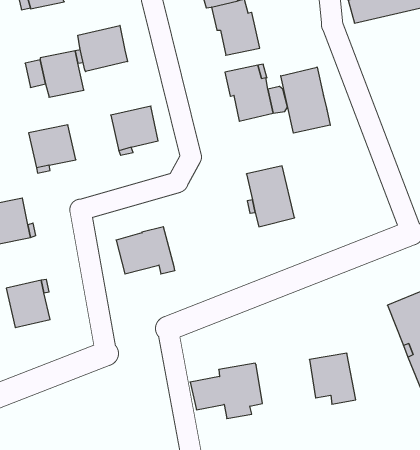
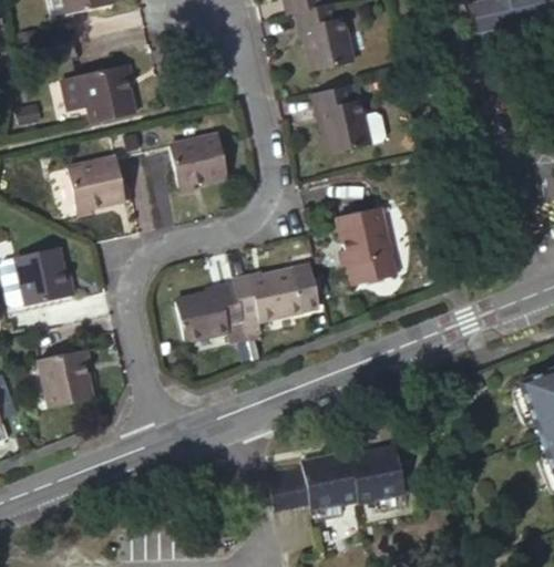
building: [78,25,128,72] -> none
building: [281,67,330,133] -> none
building: none -> [233,262,320,332]
building: [309,353,356,404] -> [349,446,407,509]

